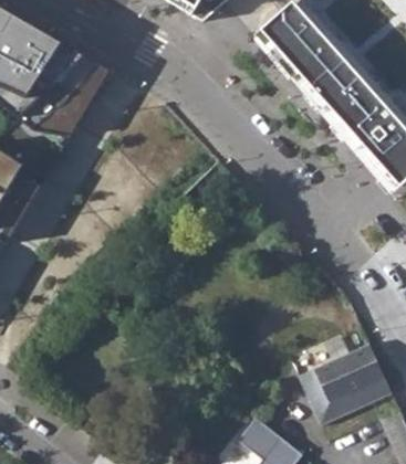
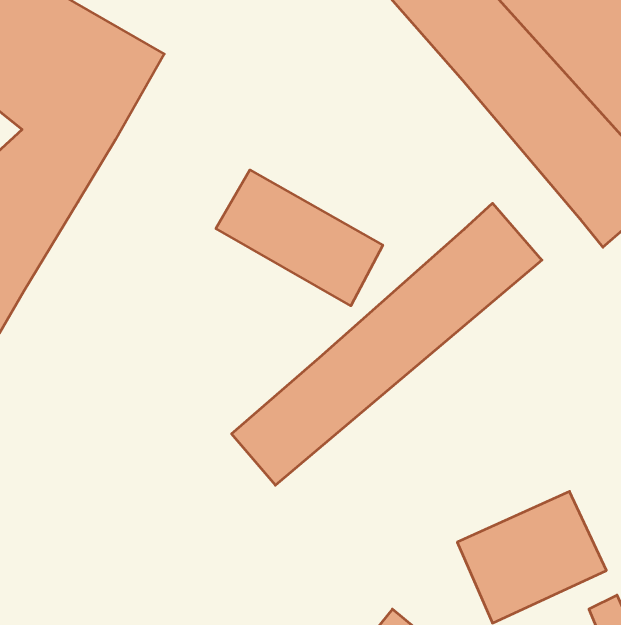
building: none -> [216,170,383,306]
building: none -> [232,203,542,485]

